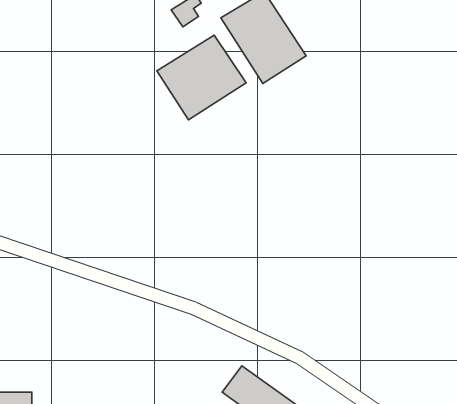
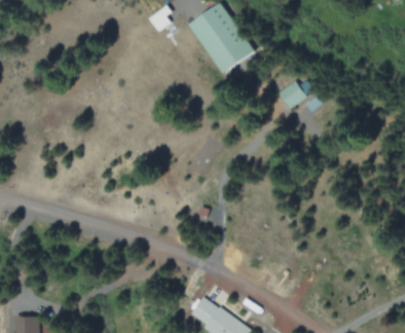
building: [157,35,246,120] -> none
building: none -> [277,80,306,109]

